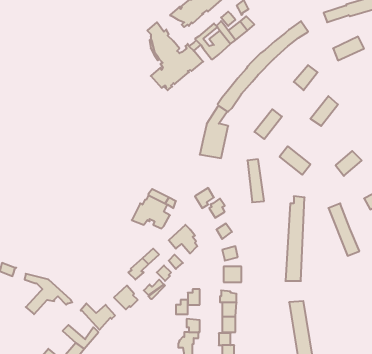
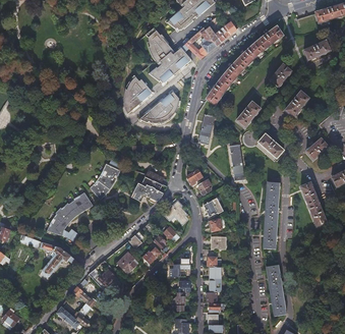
building: none -> [124,74,155,111]
building: none -> [138,88,181,123]
building: none -> [91,159,122,199]
building: none -> [47,190,93,240]

